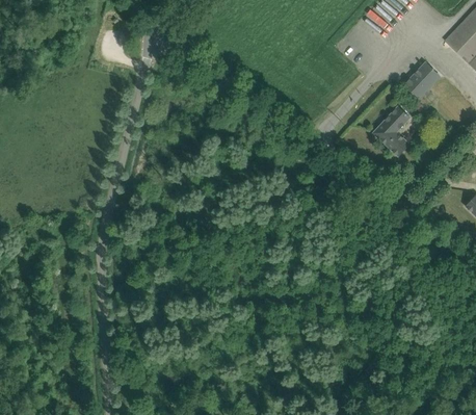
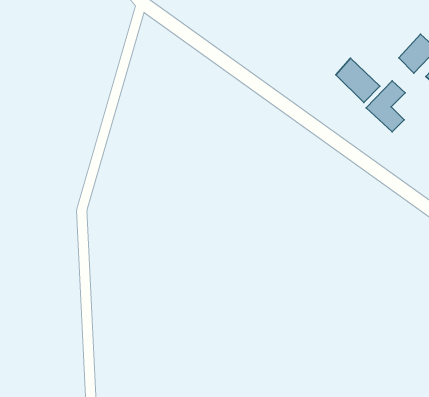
building: none -> [336,58,380,103]

